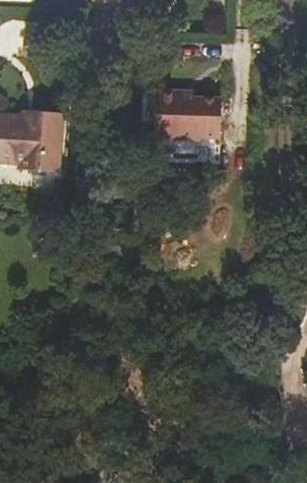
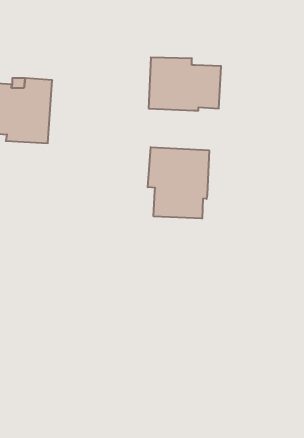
building: none -> [148,147,209,219]

